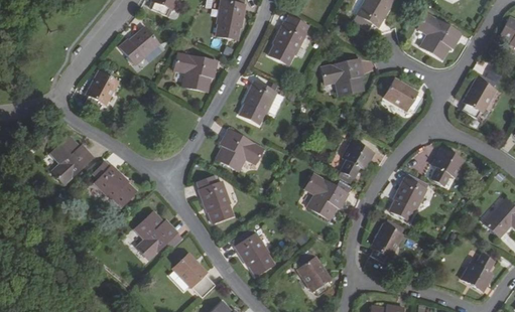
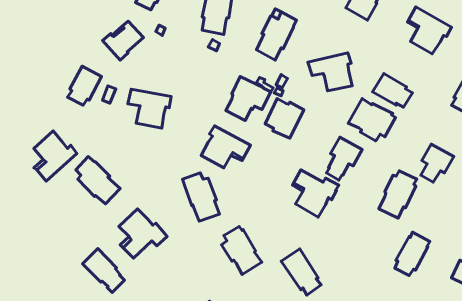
building: [174,53,217,92] -> [128,89,171,128]
building: none -> [265,99,304,138]
building: none -> [348,99,395,141]
building: [369,220,403,263] -> [395,232,430,275]
building: [172,254,214,297] -> [83,248,125,293]

